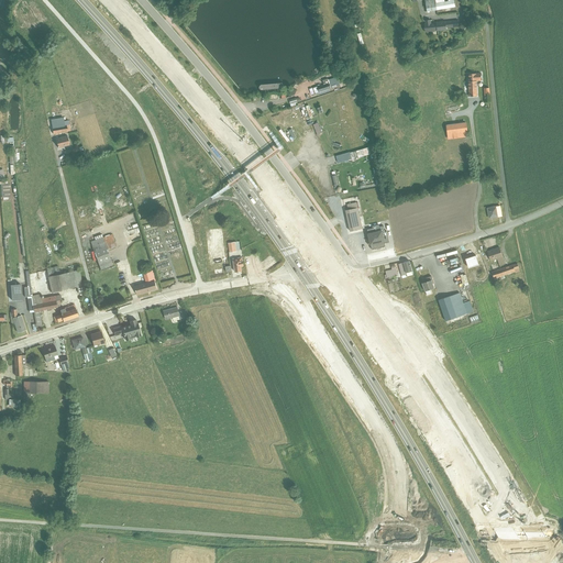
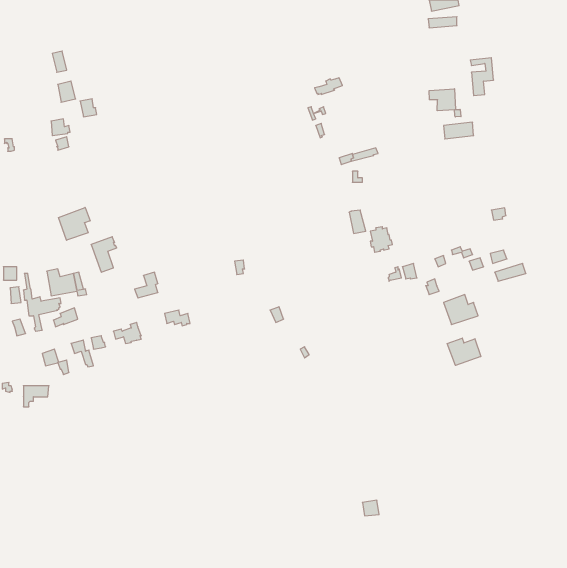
building: none -> [429,89,461,117]
building: none -> [58,207,90,240]
building: none -> [447,338,481,365]

